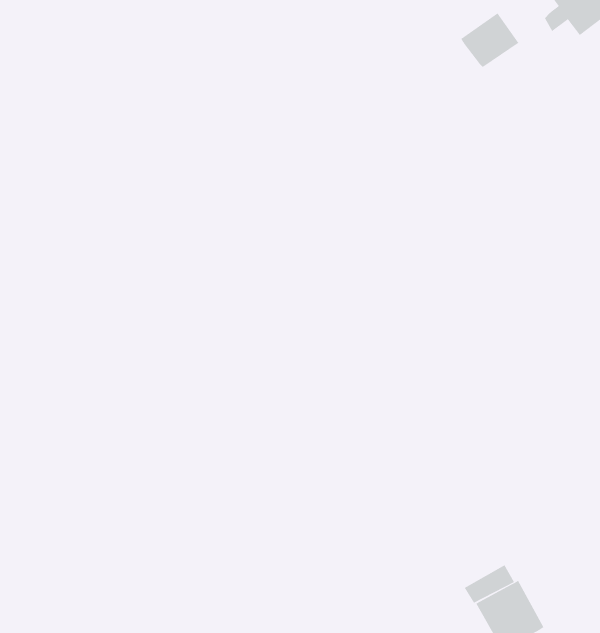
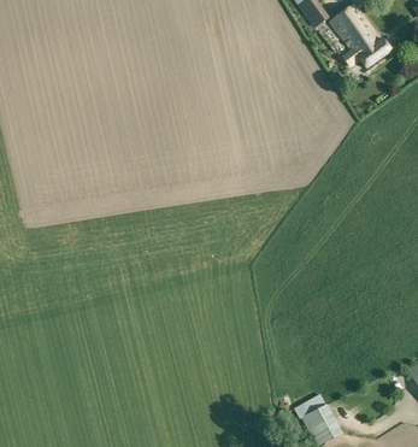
building: [461,12,519,68] -> none

